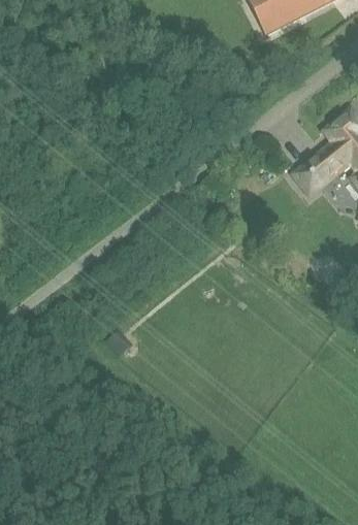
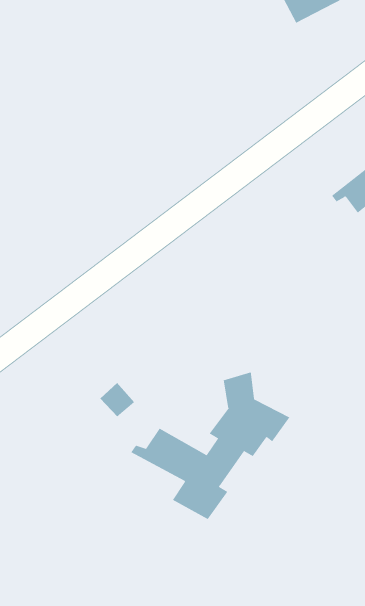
building: none -> [130,371,290,520]

